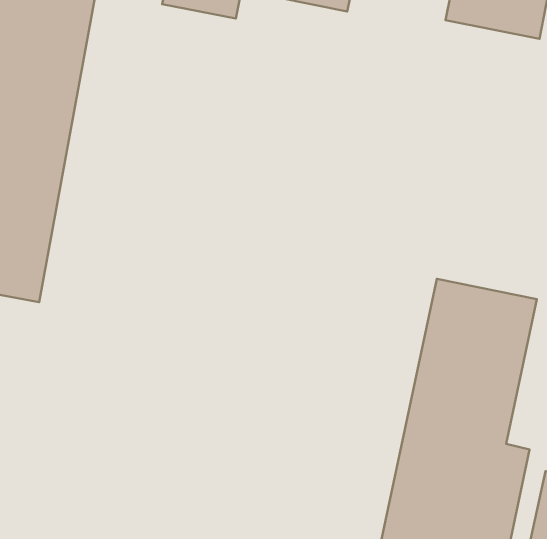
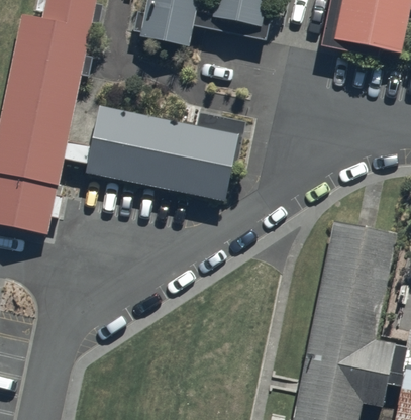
building: none -> [84,99,244,201]

